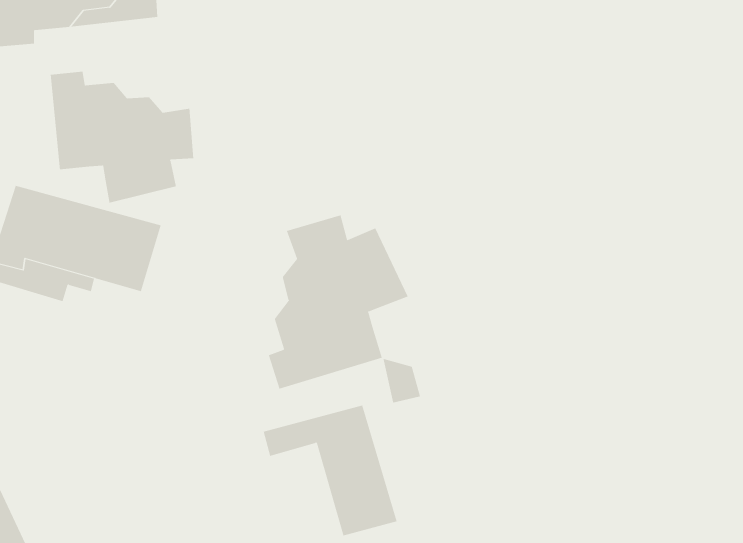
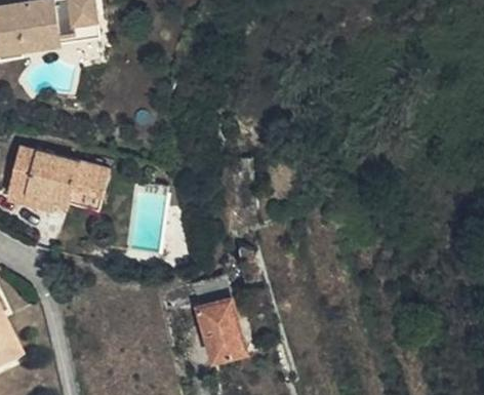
building: [50,71,194,204] -> none
building: [268,215,409,389] -> none

